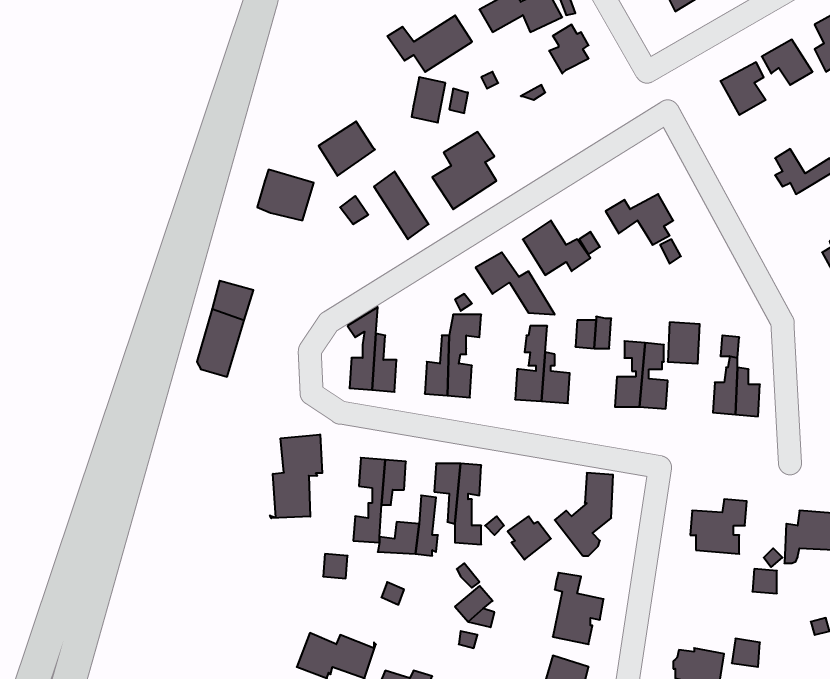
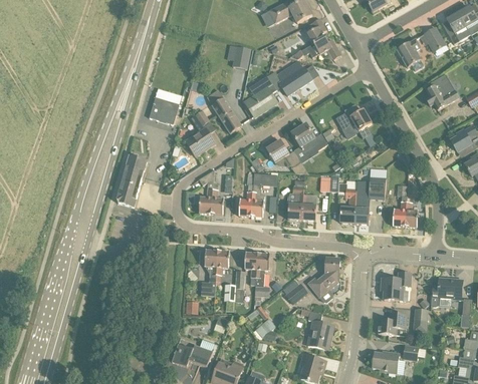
building: [387,15,472,72] -> [267,64,312,94]
building: none -> [304,36,340,59]
building: [319,121,375,176] -> [185,126,215,155]
building: [270,434,322,518] -> none
building: none -> [378,311,407,335]

